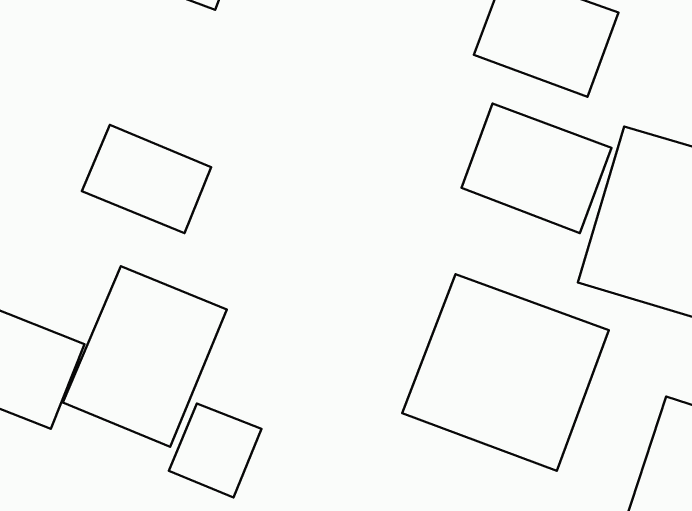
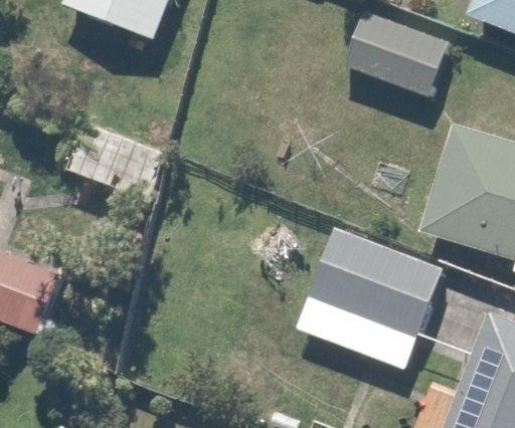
building: [462,104,612,233] -> none
building: [63,266,227,447] -> none

